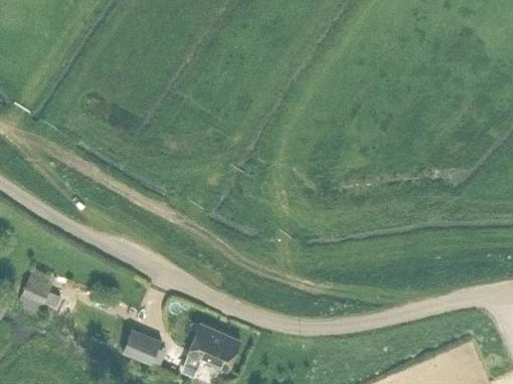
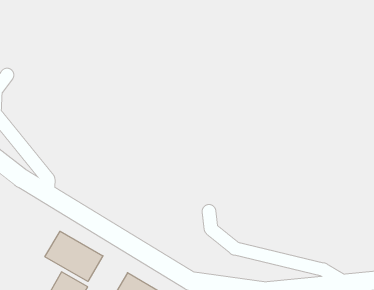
building: none -> [45,231,103,281]

